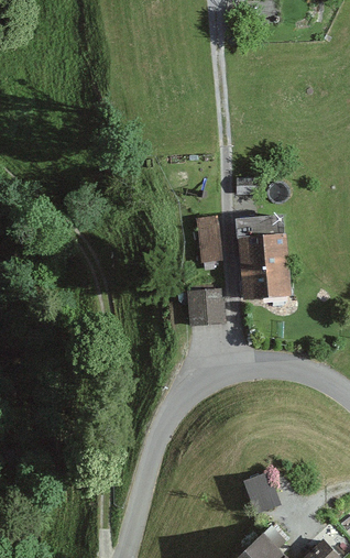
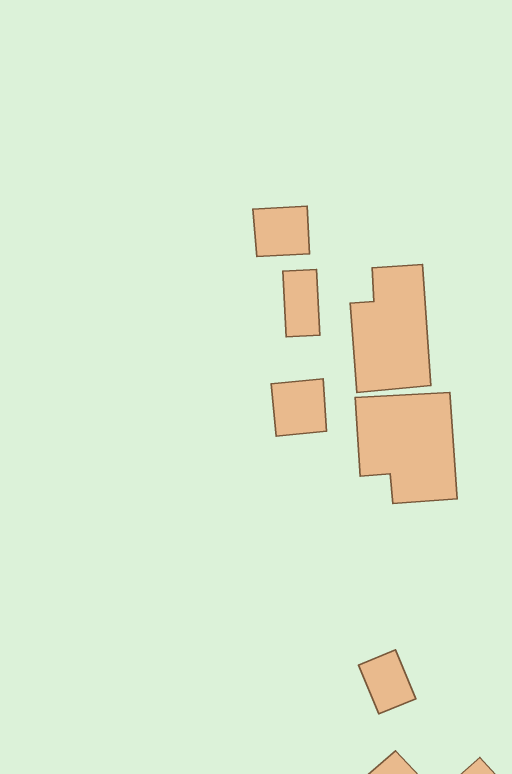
building: none -> [253,206,310,256]
building: none -> [355,392,457,503]

